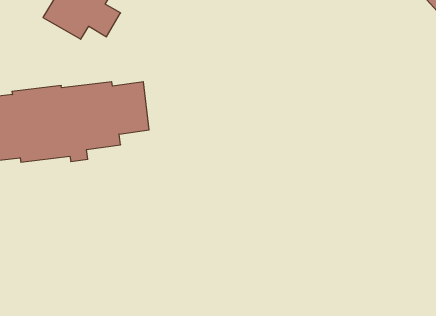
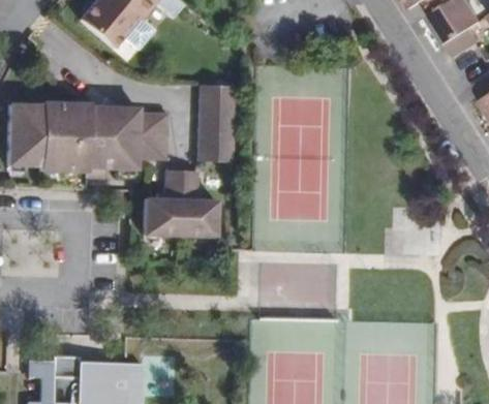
building: none -> [200,85,237,162]
building: none -> [146,172,219,238]

